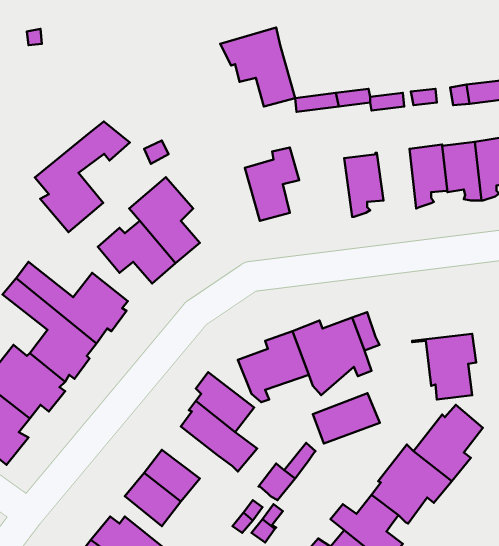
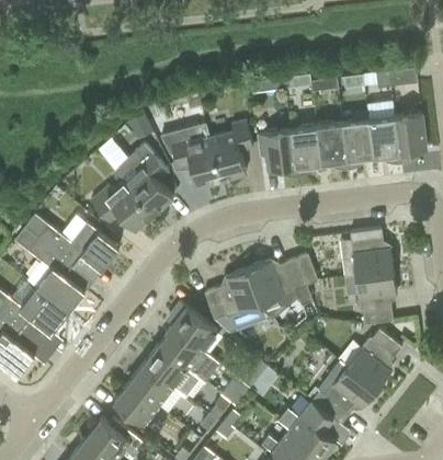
building: [220,27,295,106] -> [161,124,222,187]
building: [35,121,130,232] -> none
building: none -> [316,123,348,171]
building: none -> [257,130,296,177]
building: none -> [340,229,393,277]
building: [313,393,380,443] -> none
building: none -> [144,346,200,396]

